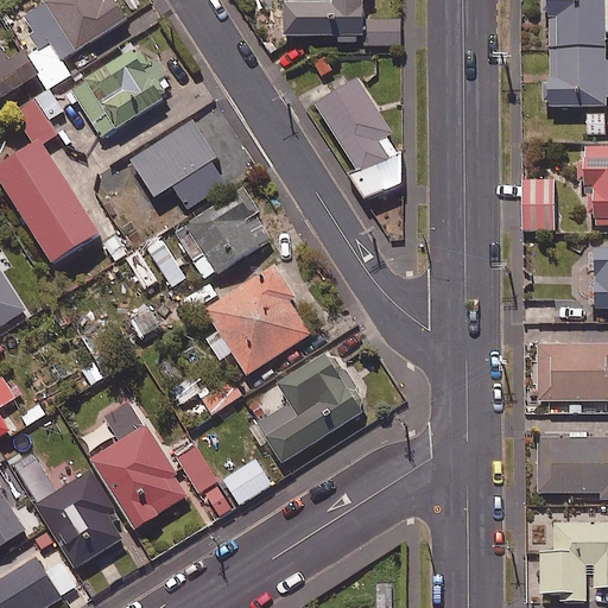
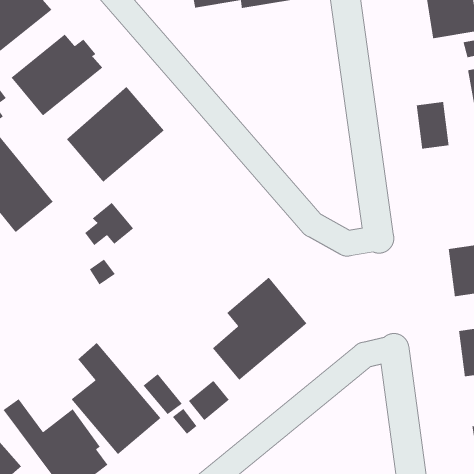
building: [316,78,401,201] -> none
building: [173,185,270,280] -> none
building: [204,260,309,373] -> none

